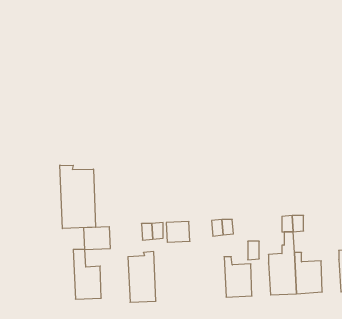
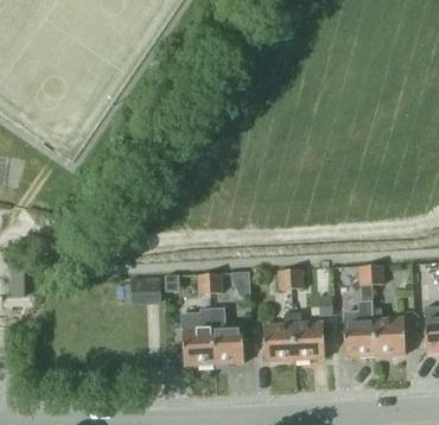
building: [60,165,96,229] -> none
building: [73,249,101,299] -> [211,306,243,363]
building: none -> [262,312,294,361]

